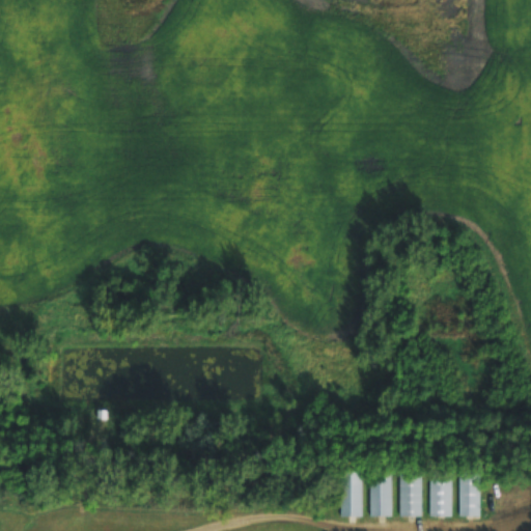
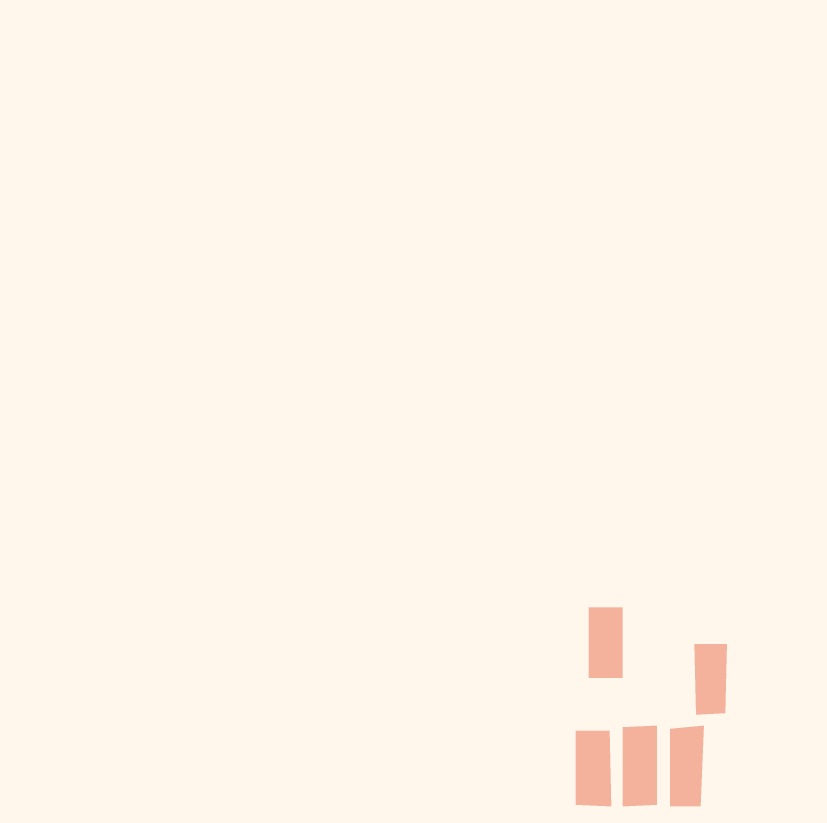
building: [340,474,363,520] -> [588,607,624,678]
building: [458,474,480,520] -> [693,644,728,715]

